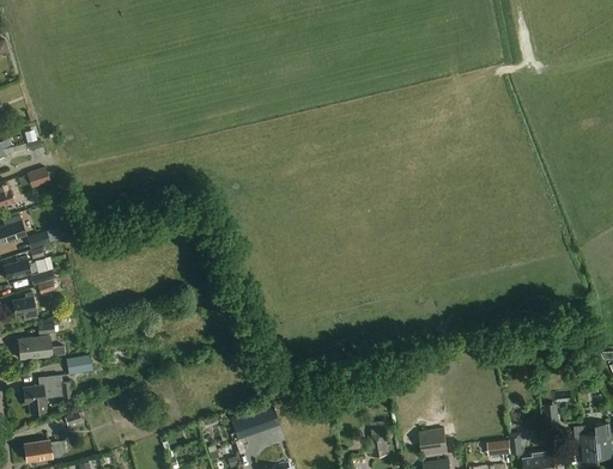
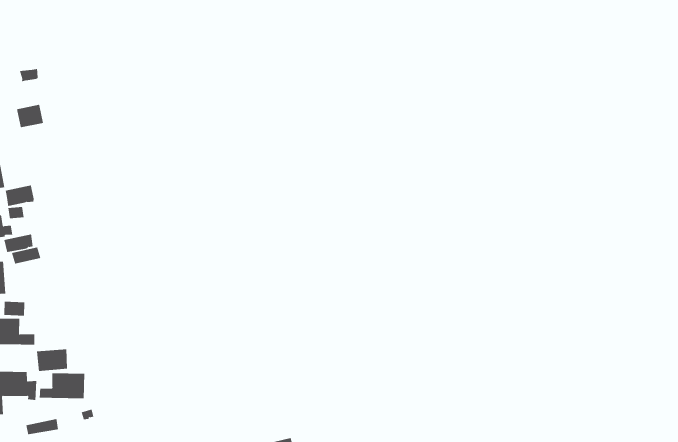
building: none -> [39,373,85,399]

